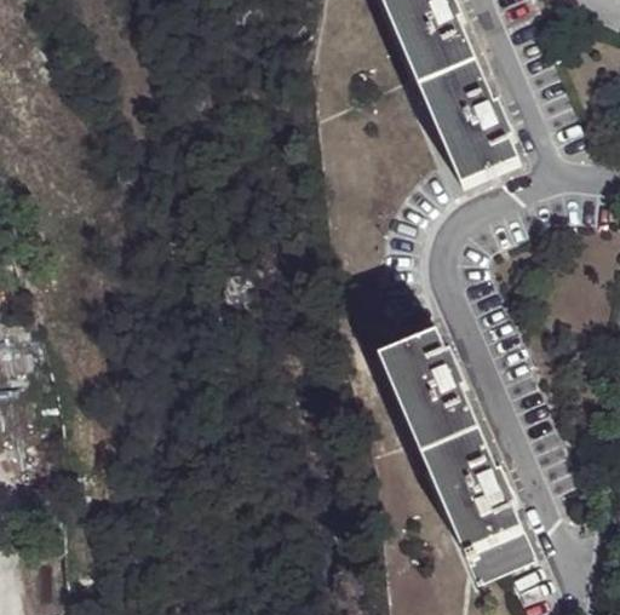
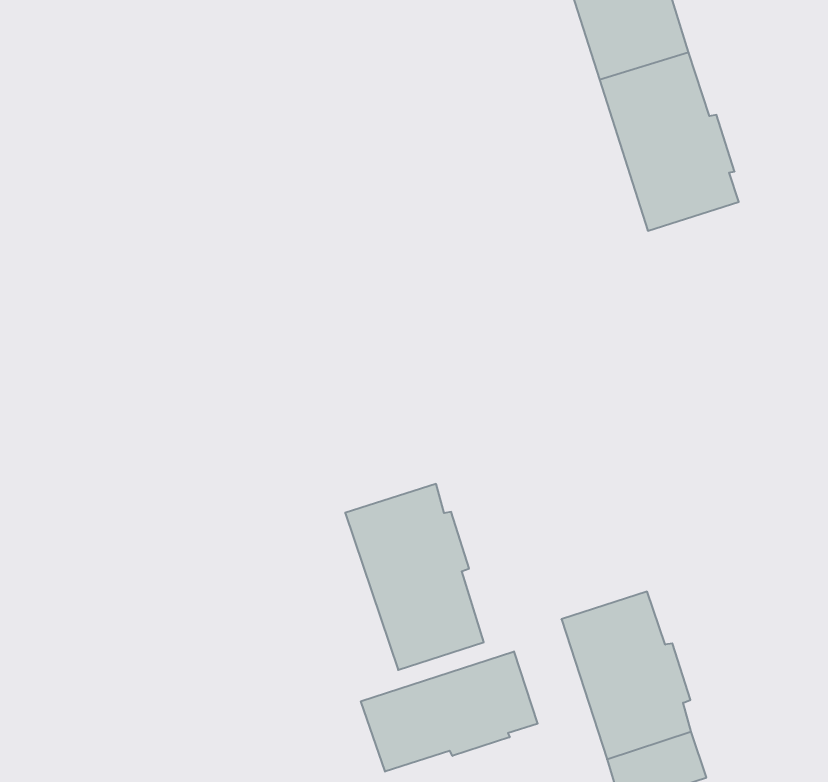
building: [377,324,480,454] -> [345,484,484,670]
building: none -> [361,651,538,772]

